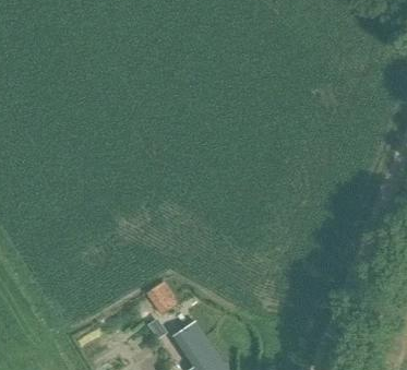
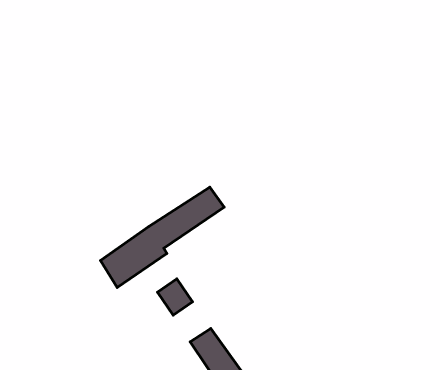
building: none -> [101,187,224,287]

